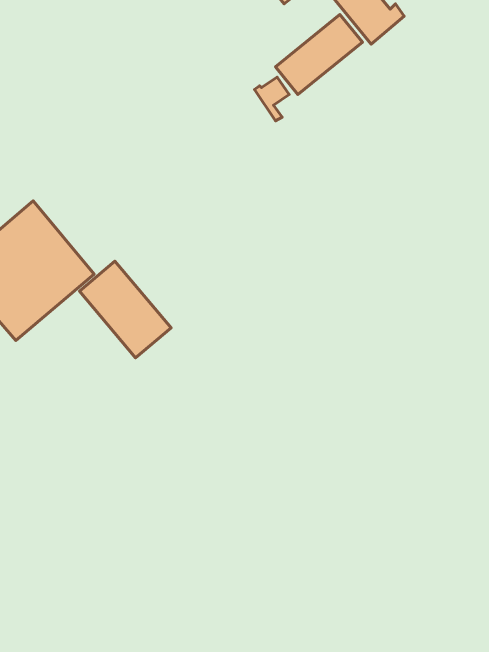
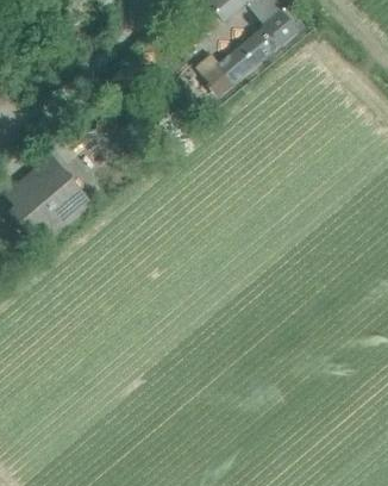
building: [79,261,171,358] -> none

